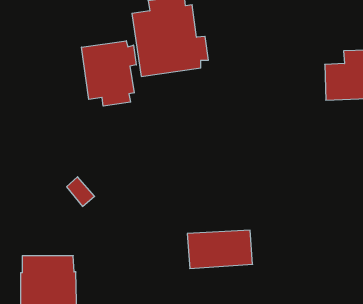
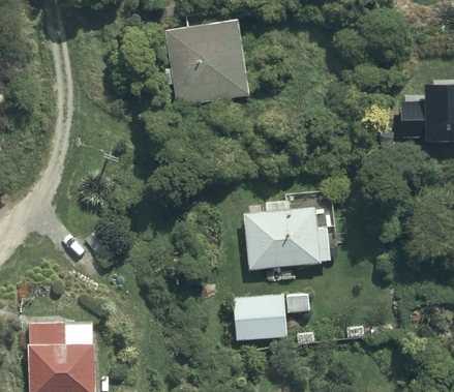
building: [82,41,136,106] -> none
building: none -> [243,201,330,270]

